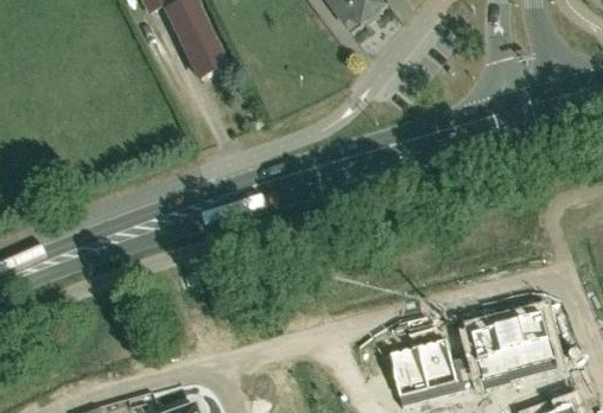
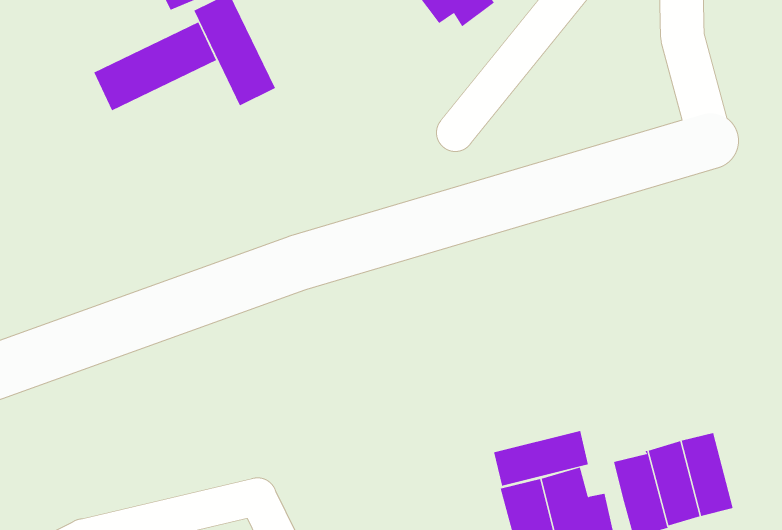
building: none -> [94,21,217,111]
building: none -> [494,430,589,487]

